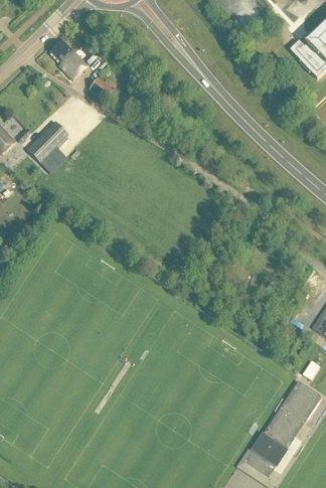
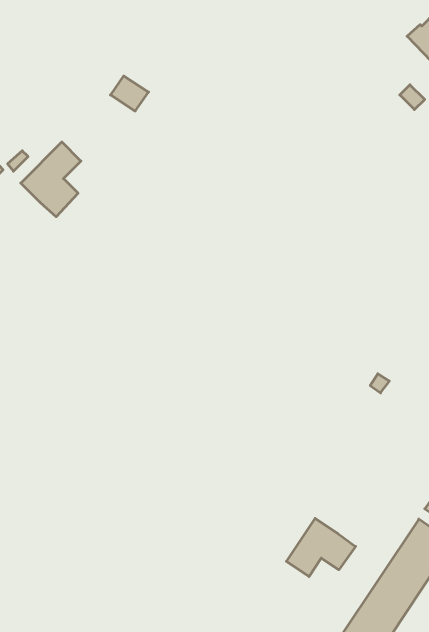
building: [49,39,86,78] -> none
building: none -> [286,518,356,577]

